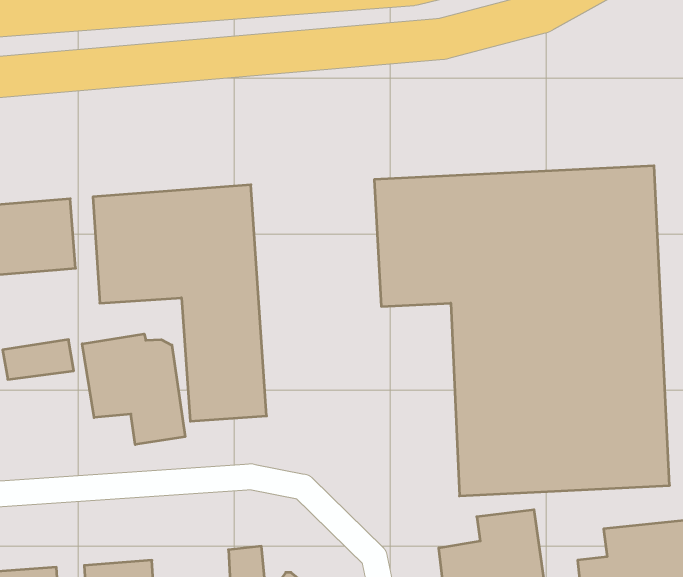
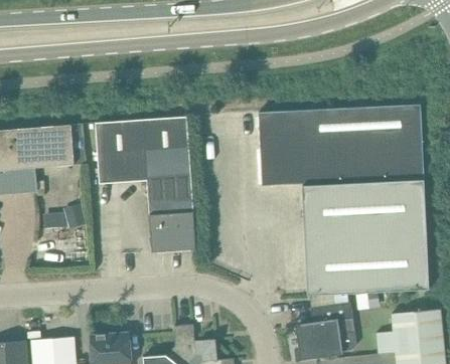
building: [82,334,185,445] -> none

